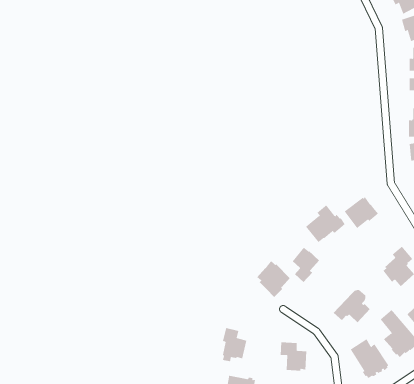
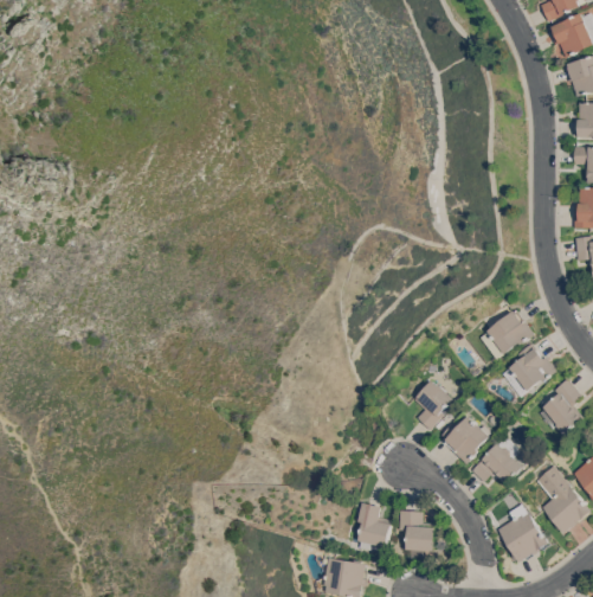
building: [305,204,345,243] -> [502,344,557,397]
building: [256,260,291,298] -> [441,411,489,463]
building: [222,328,247,362] -> [357,502,392,550]

